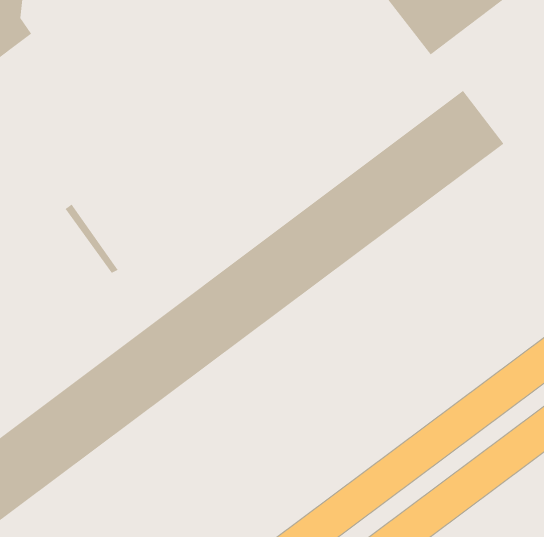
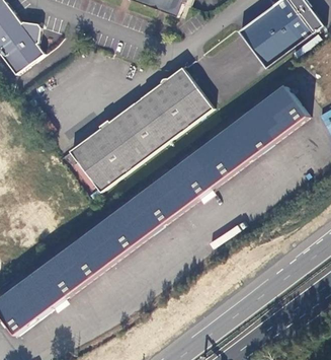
building: none -> [69,66,210,190]

